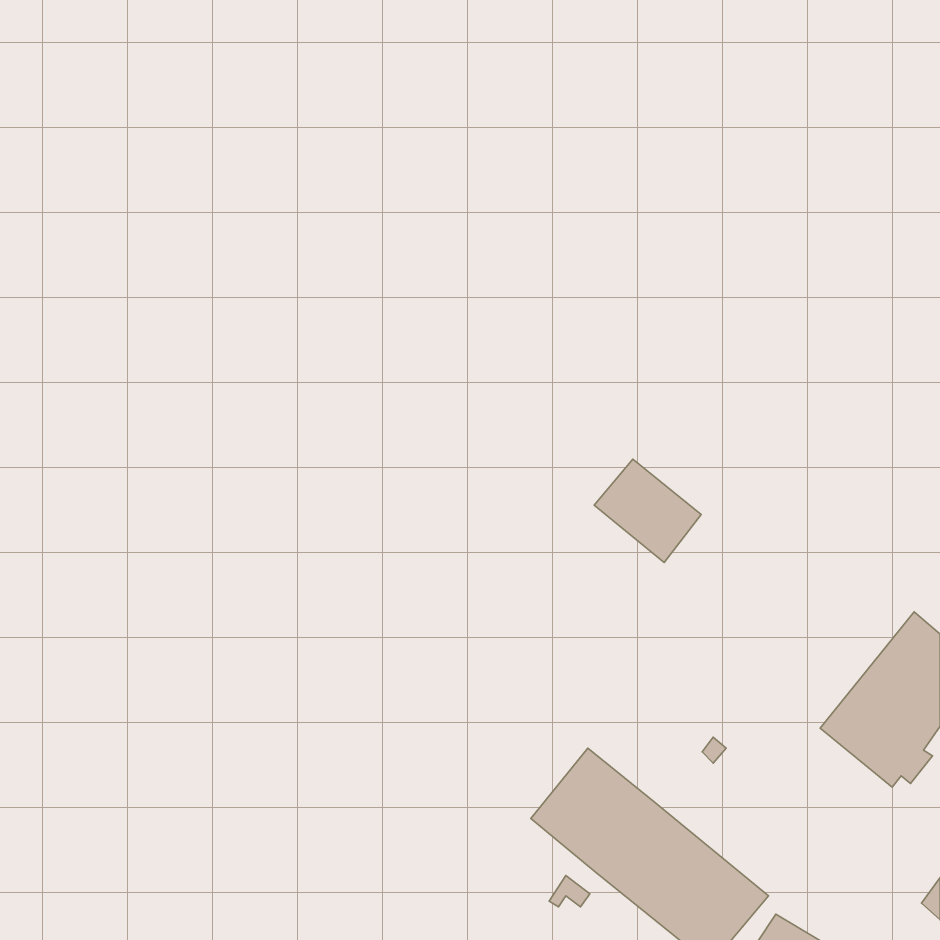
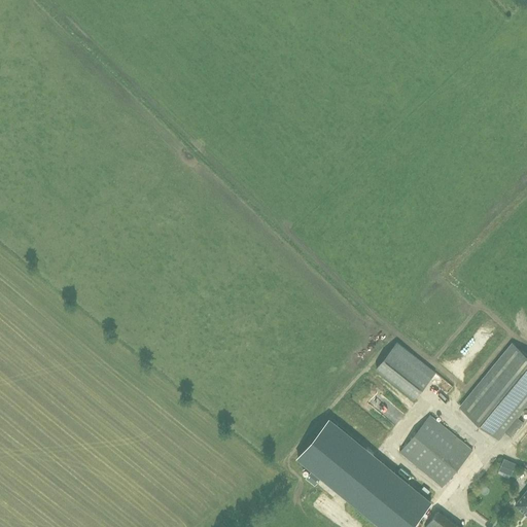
building: [594,459,701,562] -> [375,343,434,400]
building: none -> [398,416,471,488]

